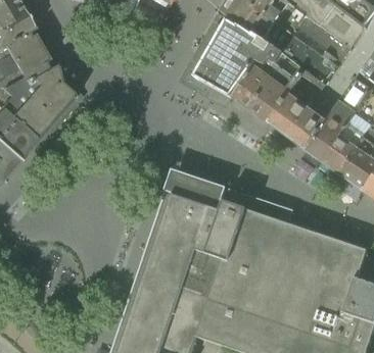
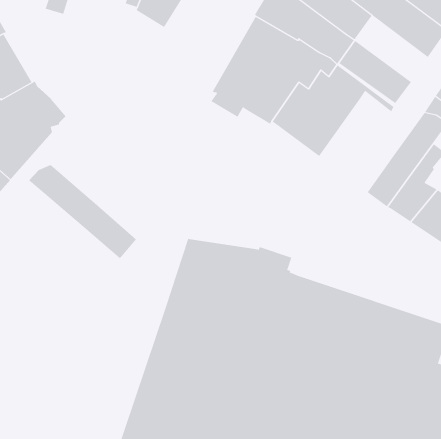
building: [296,15,352,65] -> none
building: [270,72,325,148] -> none
building: none -> [28,164,137,259]

